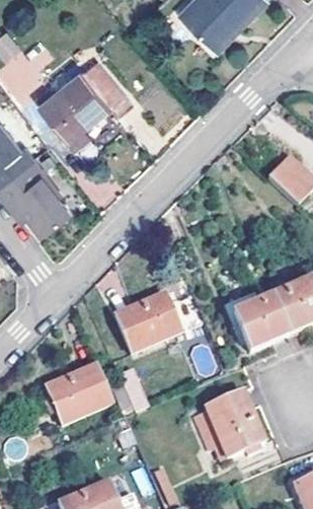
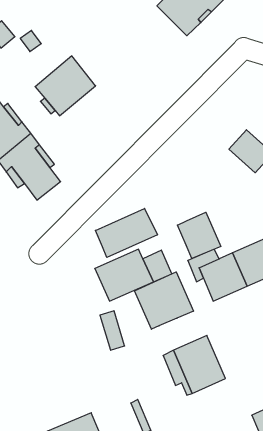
building: none -> [95,208,157,257]
building: none -> [177,212,221,259]
building: none -> [135,272,193,329]
building: [42,365,111,425] -> none

